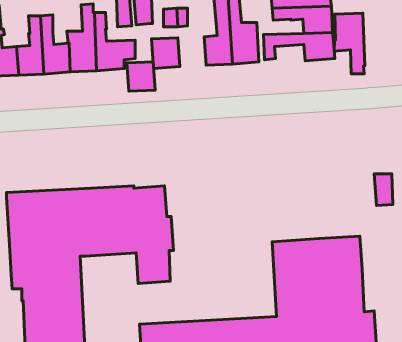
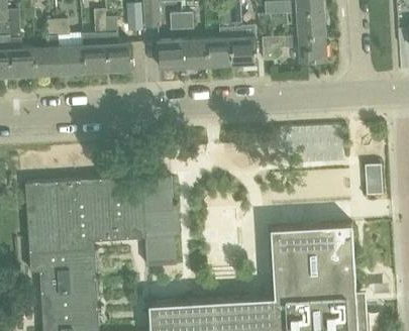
building: [334,13,365,74] -> none
building: [127,62,155,91] -> [183,40,209,68]

